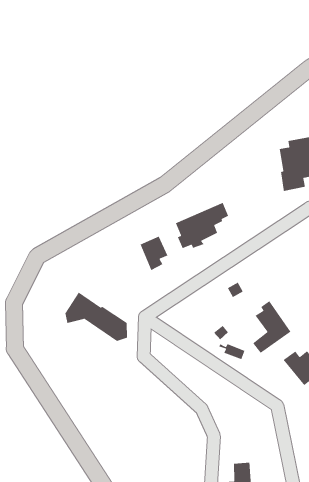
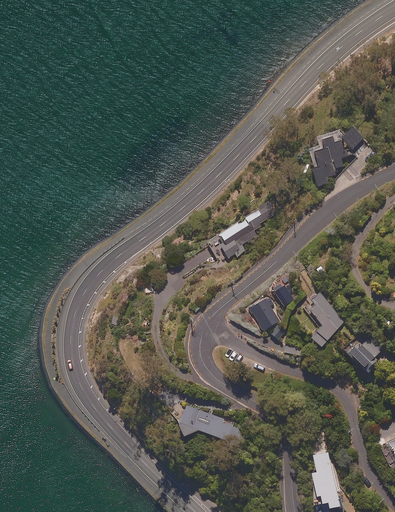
building: [139,235,168,271] -> none
building: [64,291,128,342] -> [178,404,243,446]
building: none -> [249,295,280,331]

